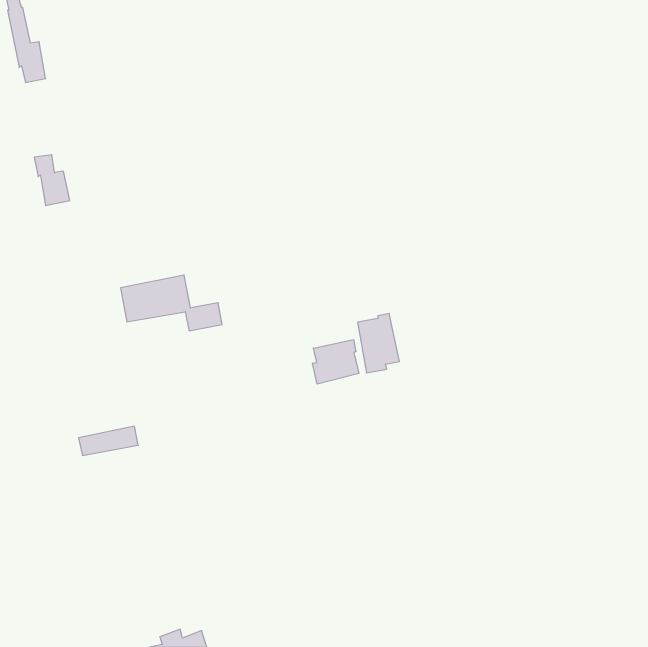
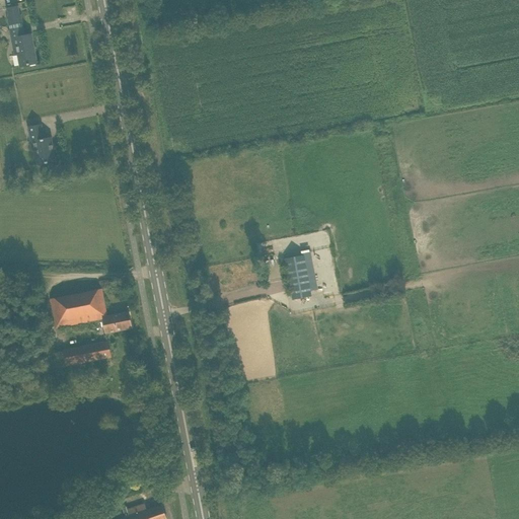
building: [121,275,222,331] -> [51,288,132,332]
building: [313,340,359,384] -> none

